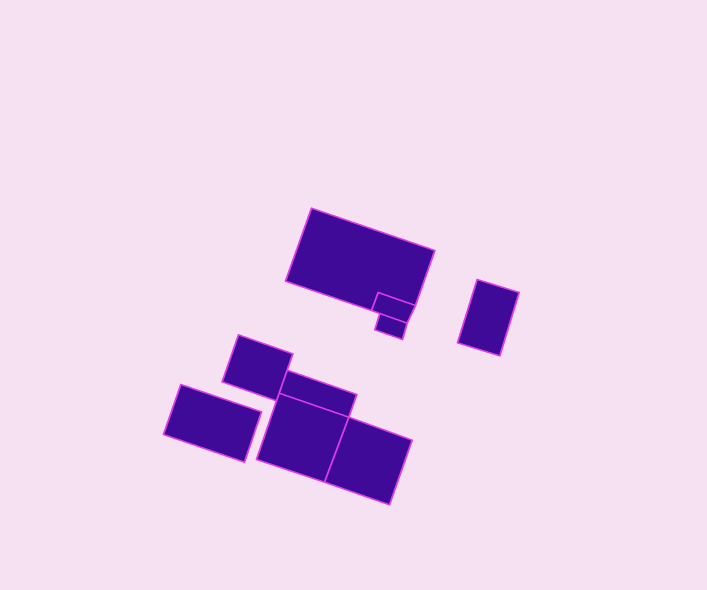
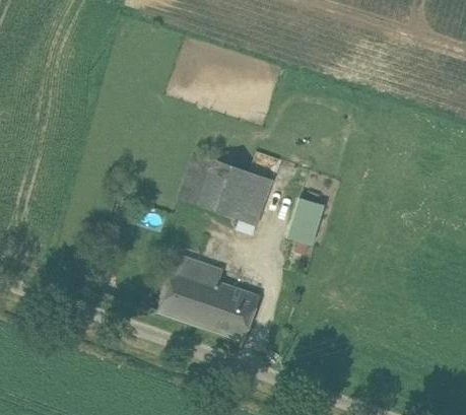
building: [222,335,293,401] -> none
building: [164,384,262,462] -> none

